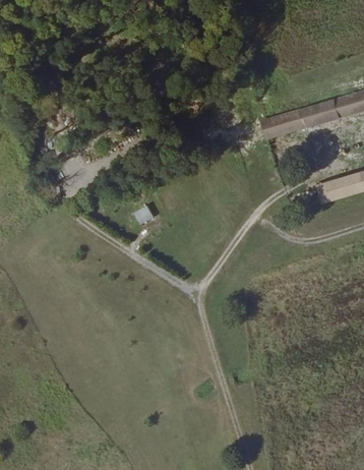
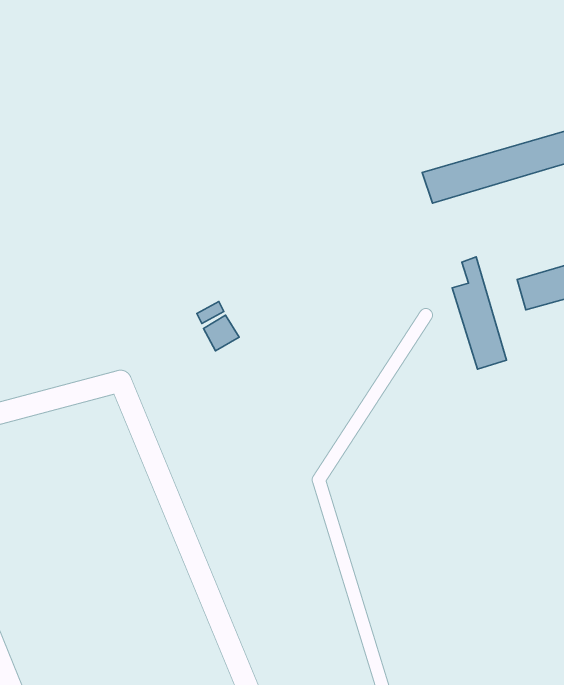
building: none -> [452,257,506,369]

